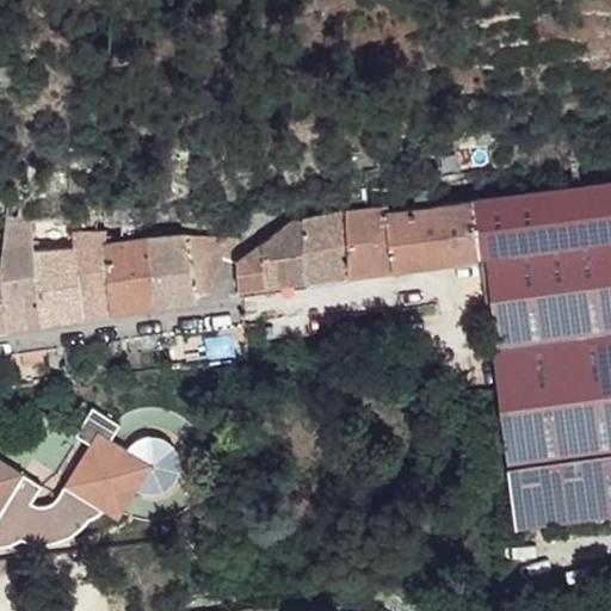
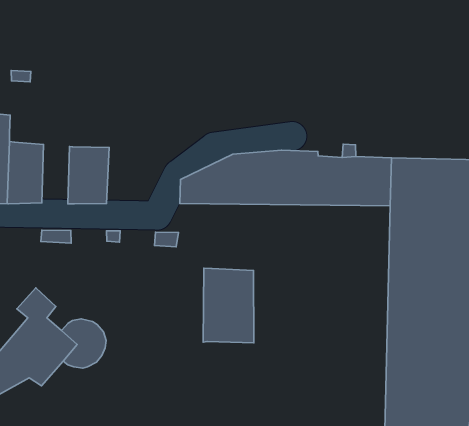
building: [74,233,113,315] -> none
building: [150,237,237,304] -> none
building: none -> [203,268,254,343]

